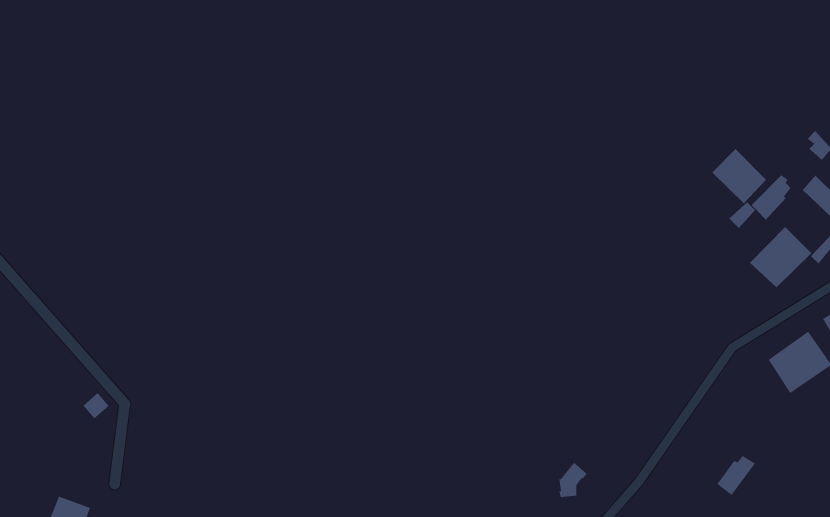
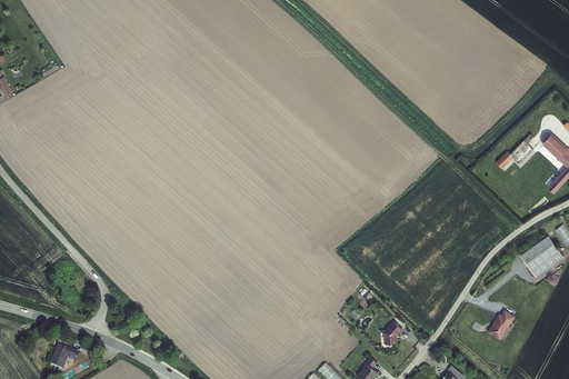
building: [711,148,767,204] -> none
building: [749,226,812,288] -> none

